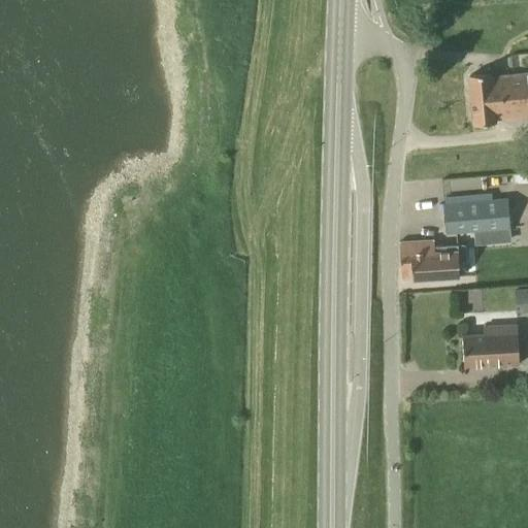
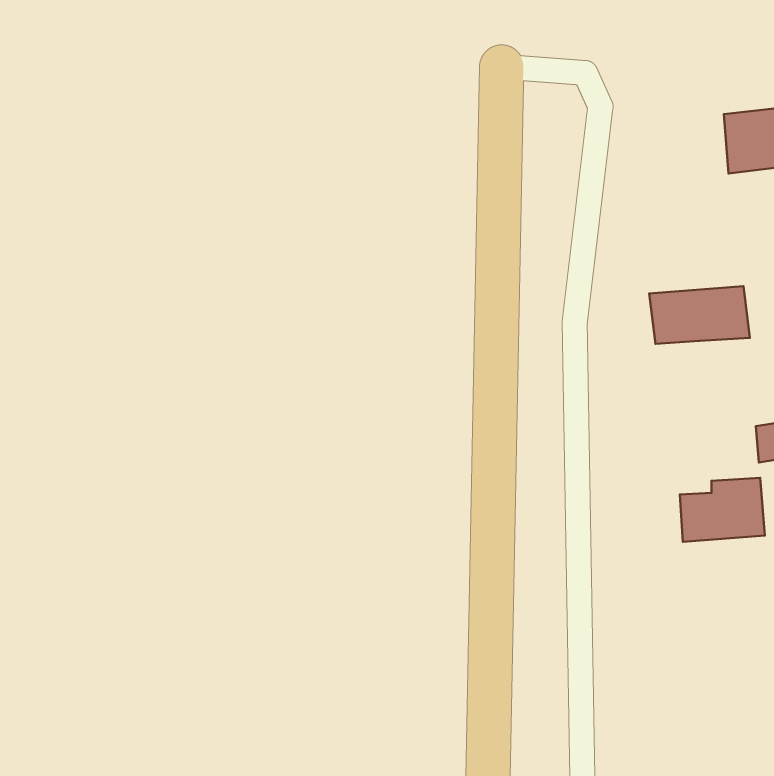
building: [471,73,497,125] -> none
building: [400,240,468,279] -> none

